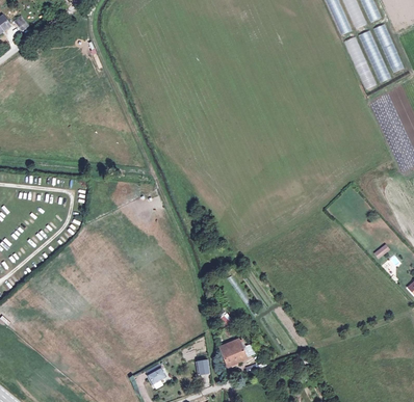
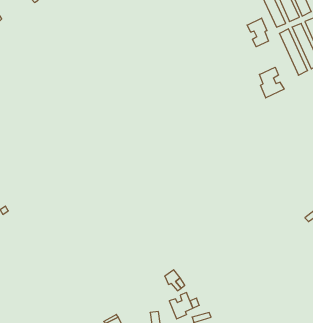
building: none -> [247,18,269,47]
building: none -> [259,67,284,98]

